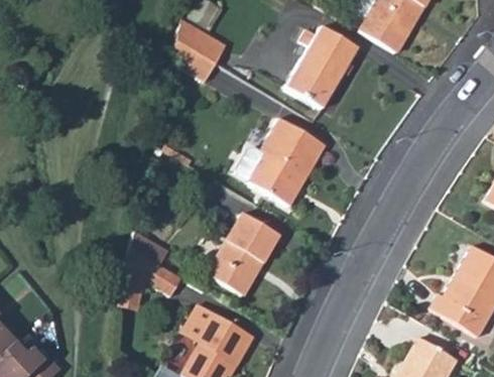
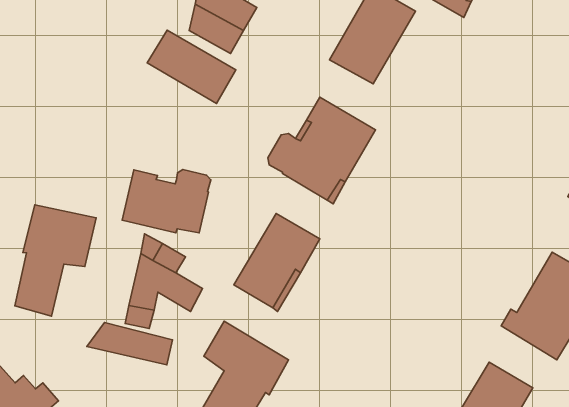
building: none -> [147,30,236,103]
building: none -> [122,169,211,233]
building: none -> [15,205,96,316]
building: none -> [87,323,173,365]

